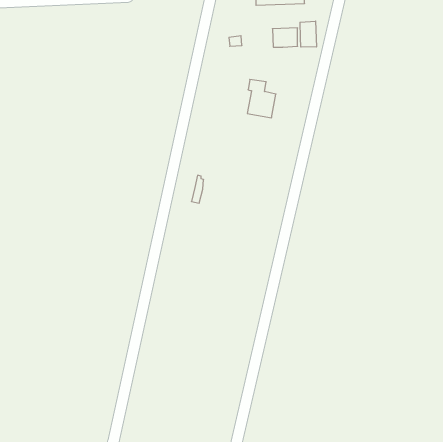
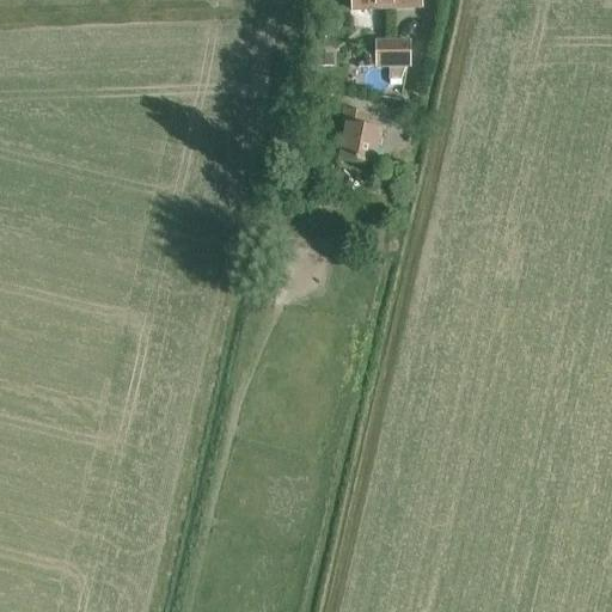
building: [300,21,316,47] -> none

